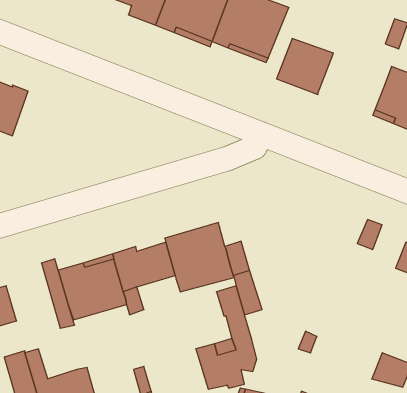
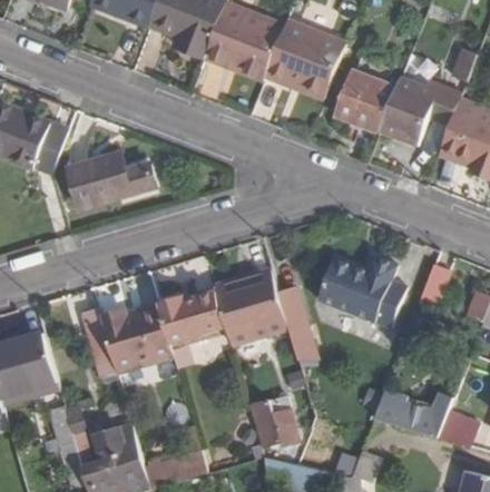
building: none -> [379,78,462,145]
building: none -> [68,152,156,207]
building: none -> [317,244,411,328]
building: none -> [373,391,452,437]

